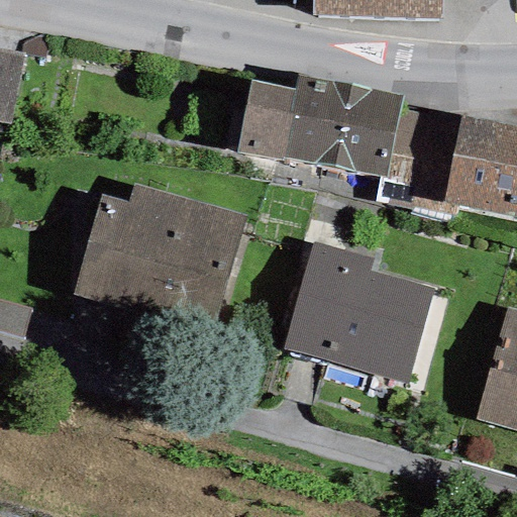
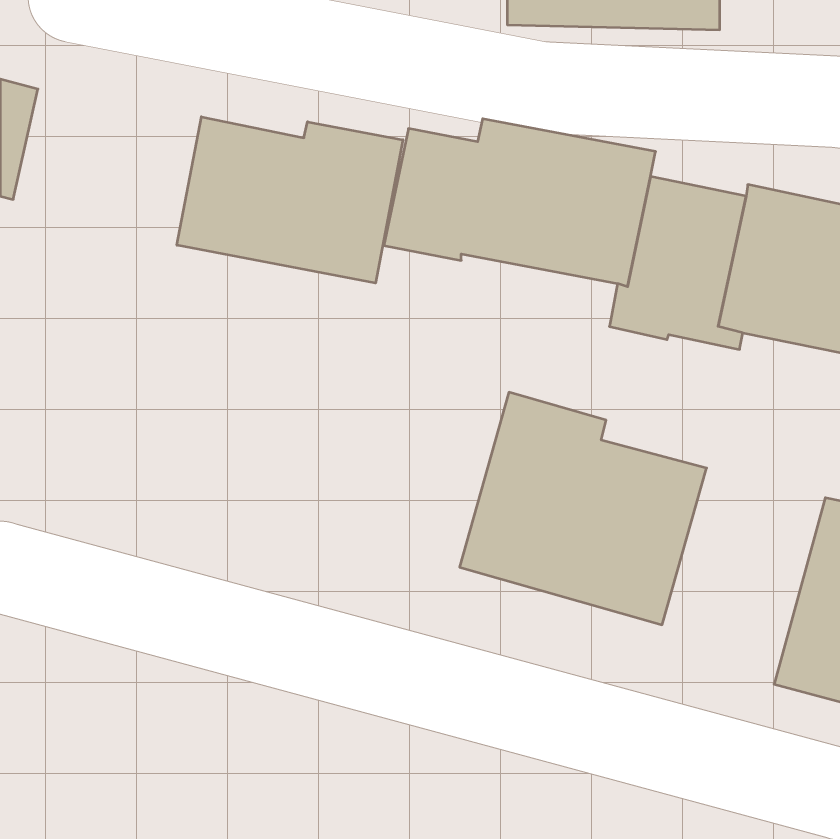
building: none -> [177,117,403,283]
building: [72,183,245,333] -> none

